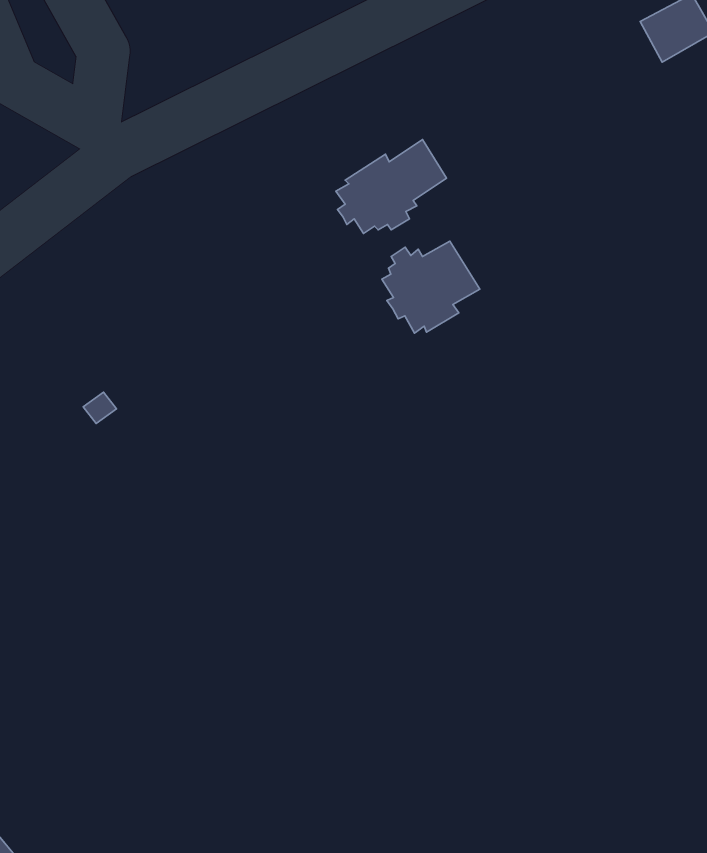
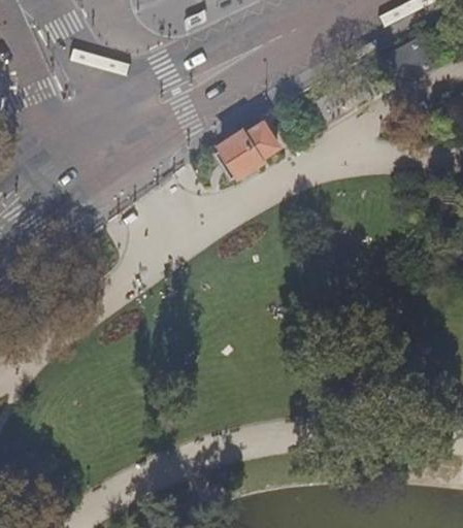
building: [382,241,480,333] -> none

